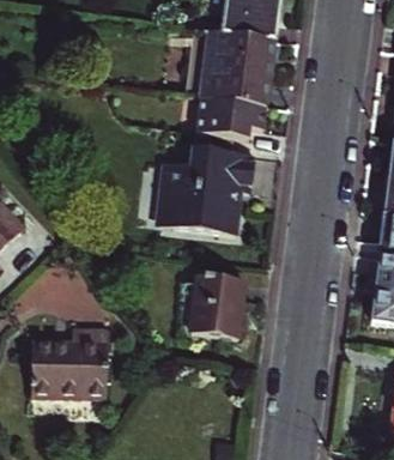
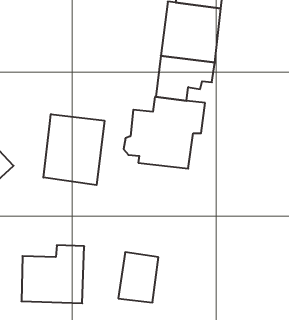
building: none -> [43,114,104,185]
building: [193,277,242,338] -> [118,252,158,302]

